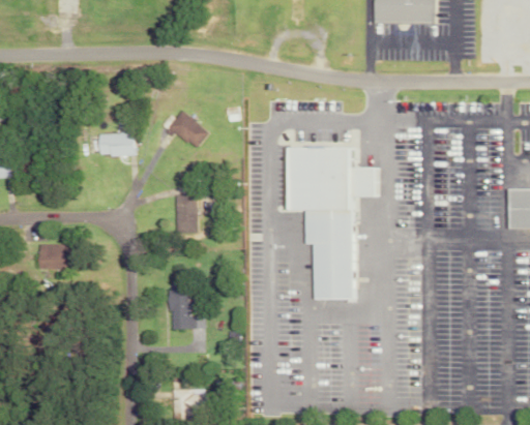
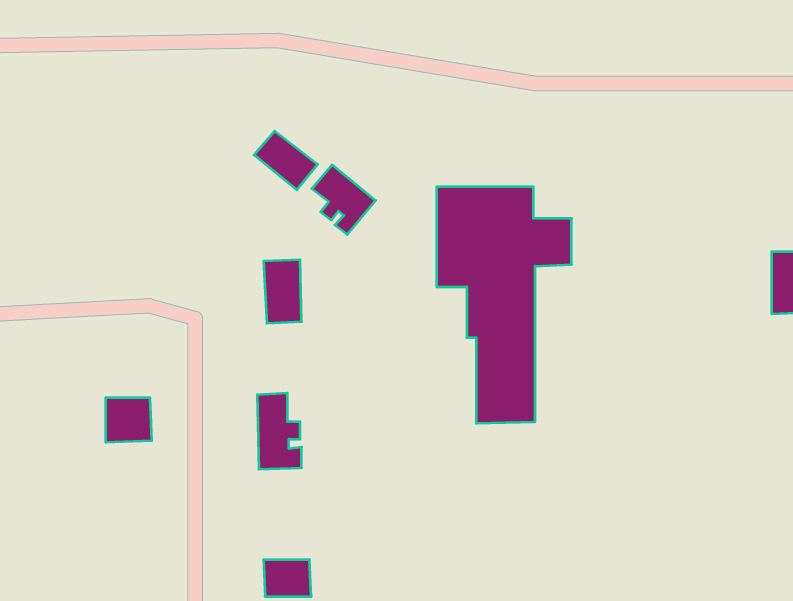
building: none -> [312,165,376,235]
building: [97,133,135,156] -> none
building: [37,245,67,274] -> [106,398,152,442]

